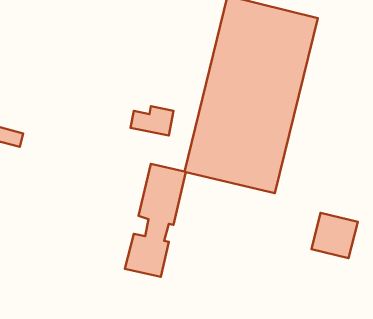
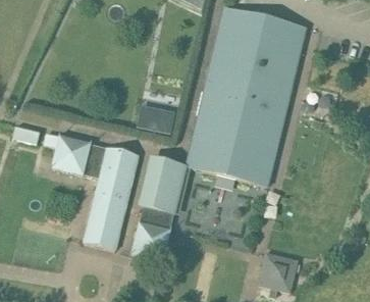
building: none -> [50,135,139,249]
building: [311,213,358,258] -> [257,252,299,293]

